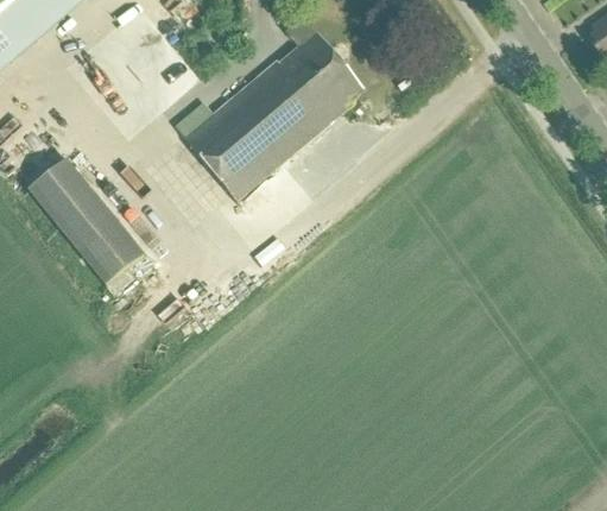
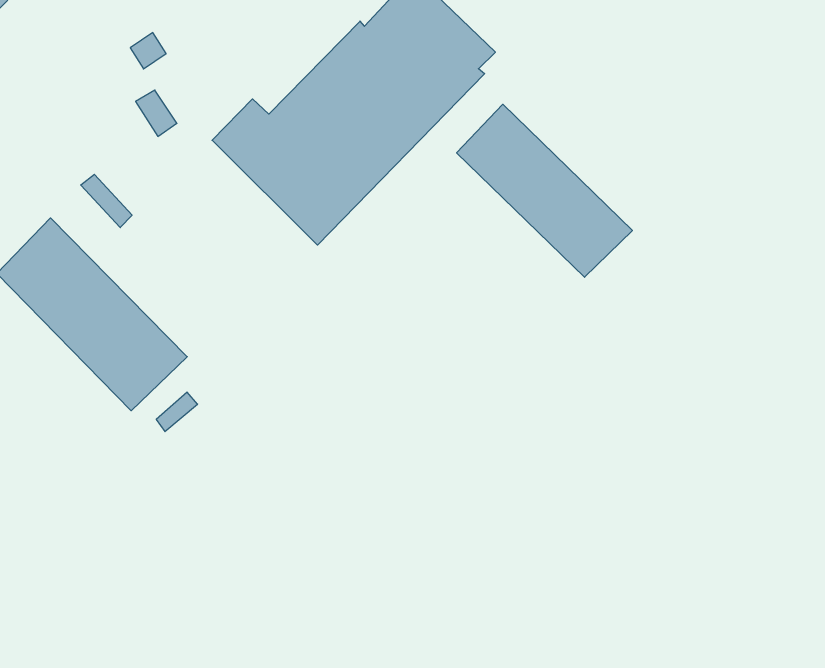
building: none -> [457,104,632,277]

